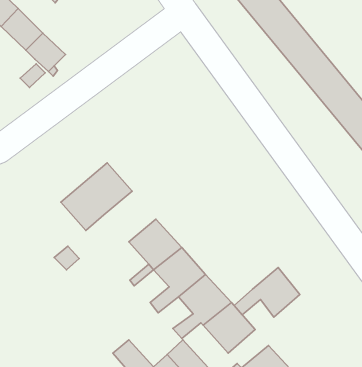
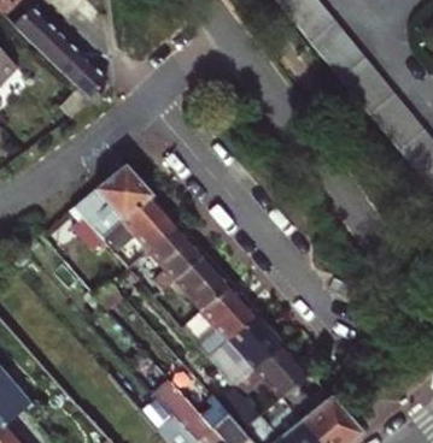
building: none -> [74,167,153,249]
building: none -> [150,226,205,289]
building: [234,267,300,317] -> none

